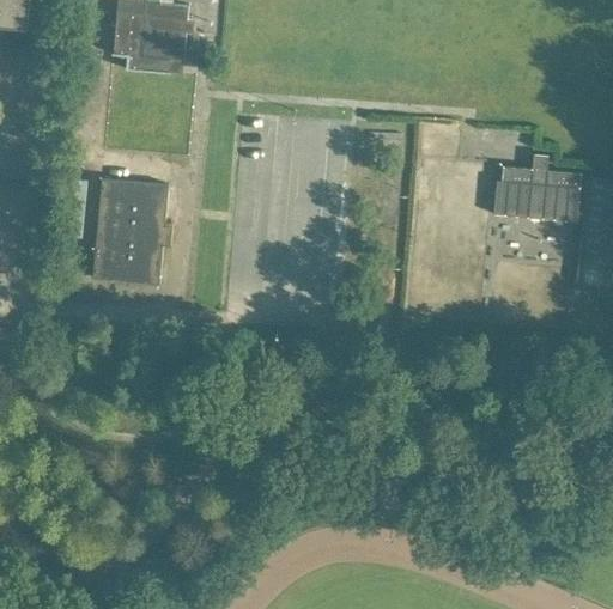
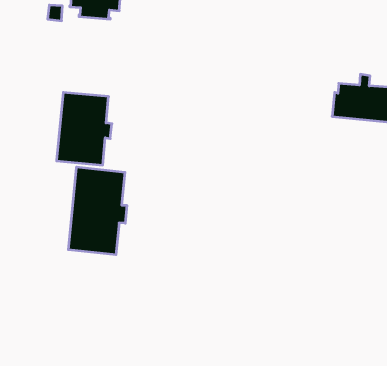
building: none -> [68,167,127,255]

